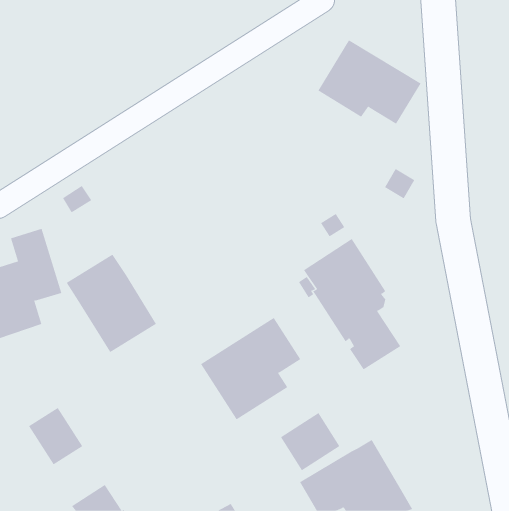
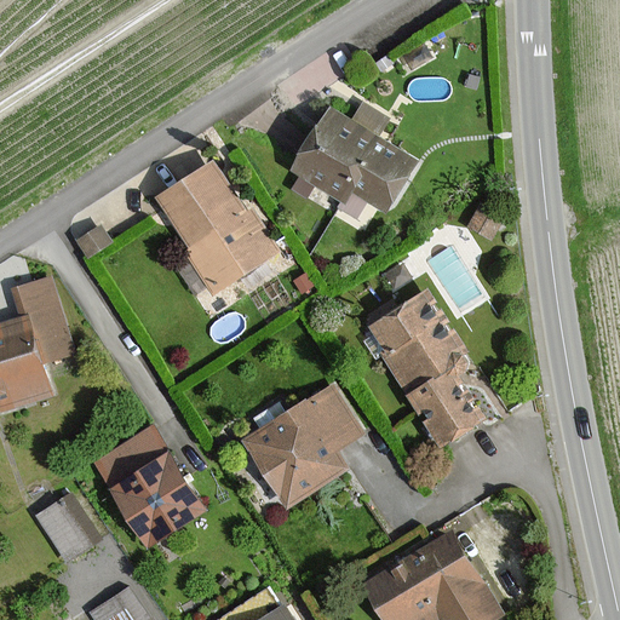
building: [318,39,422,124] -> [289,107,415,209]
building: none -> [157,163,279,295]
building: [66,254,157,353] -> [93,427,203,547]
building: [280,412,340,471] -> none

